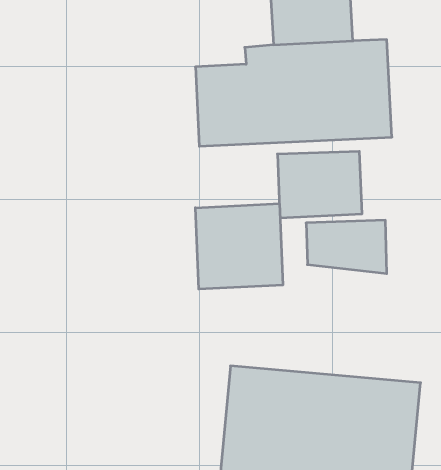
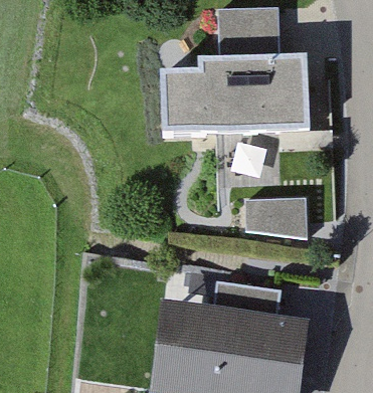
building: [195,204,283,289] -> none

